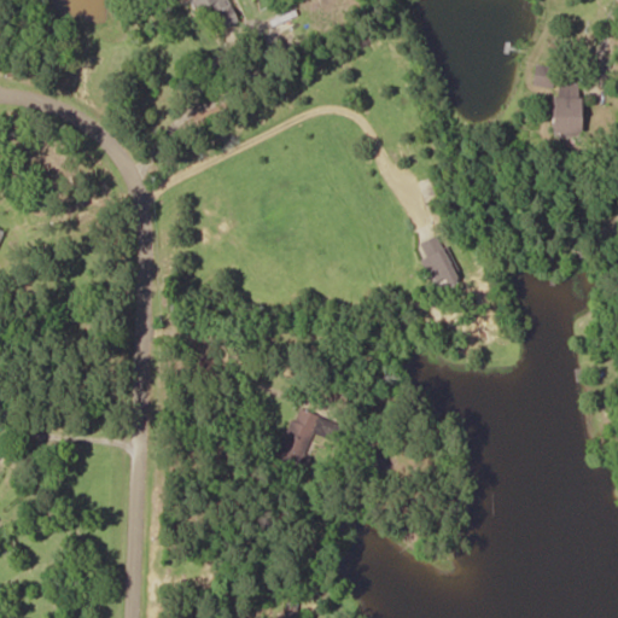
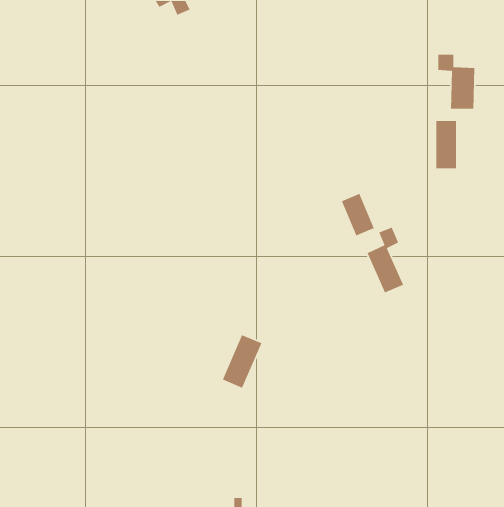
building: none -> [436,120,457,169]
building: none -> [367,226,404,293]

